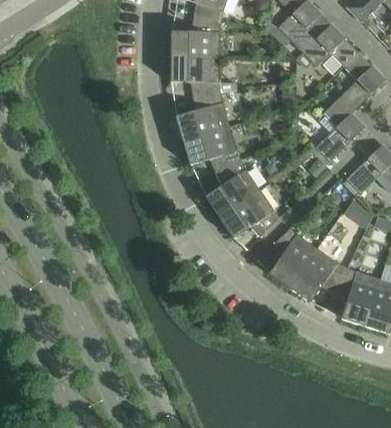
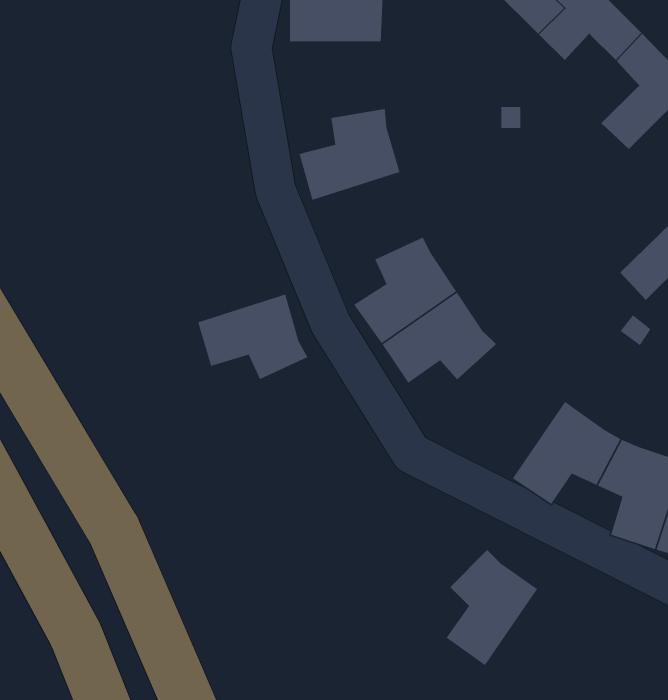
building: [170,56,233,96] -> none
building: [315,99,364,162] -> none
building: [182,126,241,172] -> [197,293,309,380]
building: [267,226,317,288] -> [446,549,538,666]

